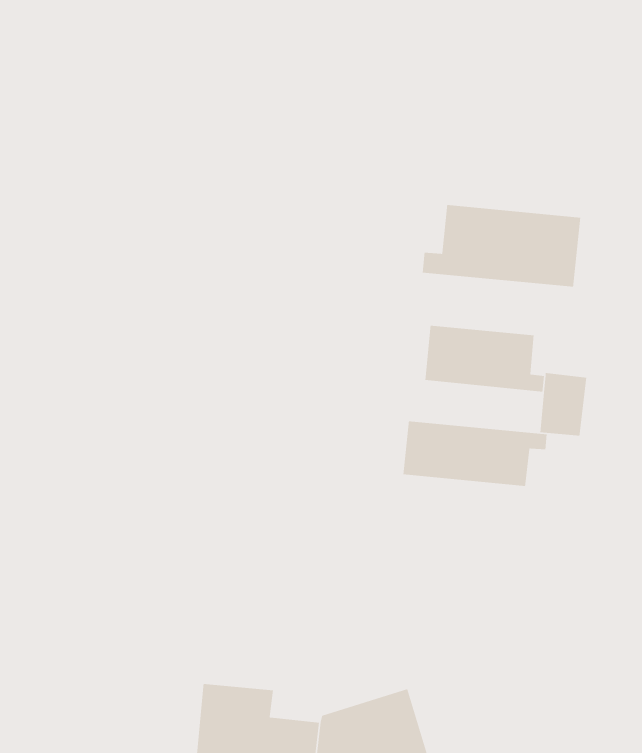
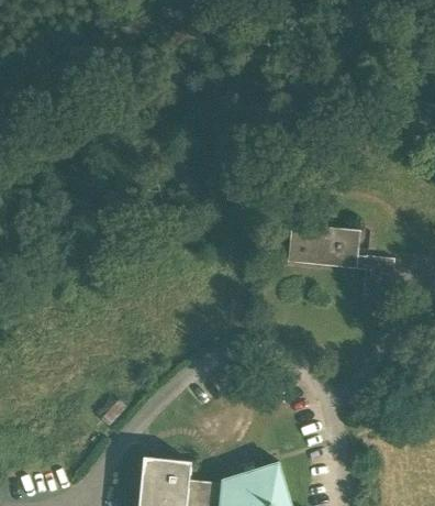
building: [422,204,581,287] -> none
building: [402,421,548,487] -> none

